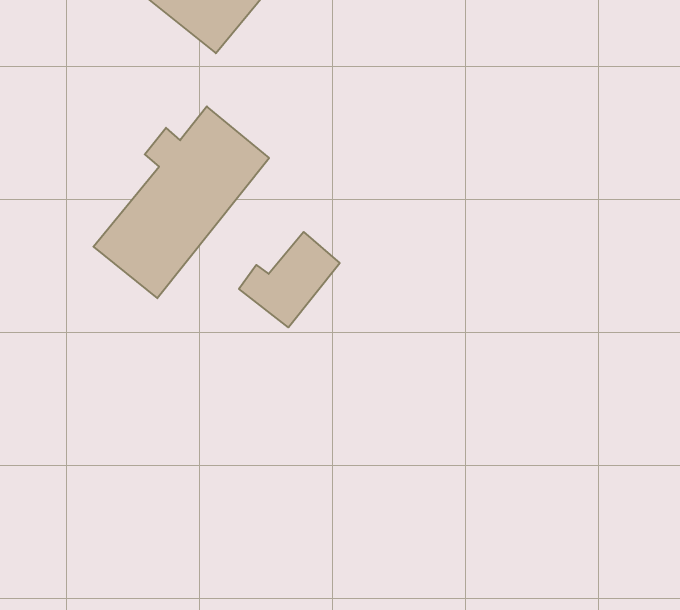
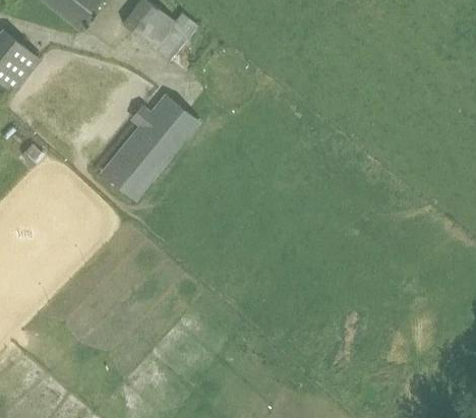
building: [239,232,340,327] -> none

